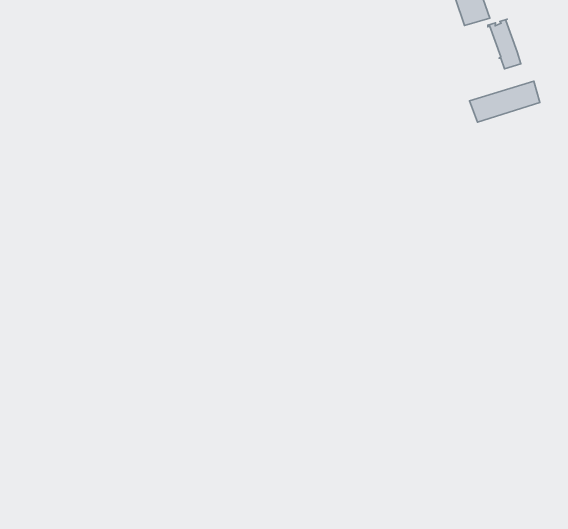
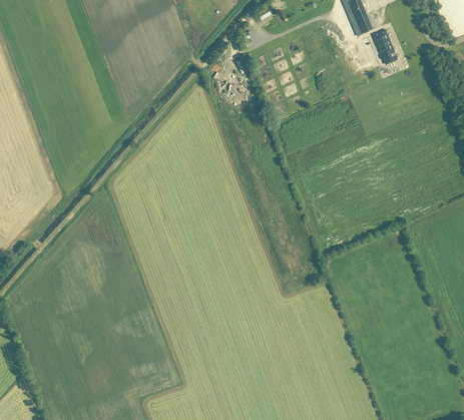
building: [470,81,540,122] -> none

